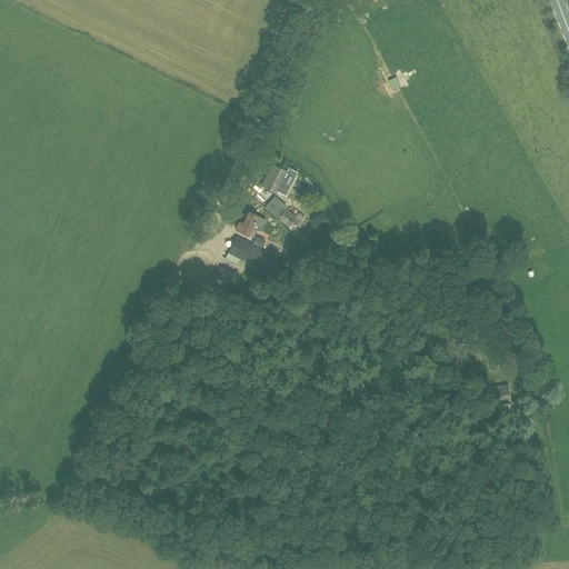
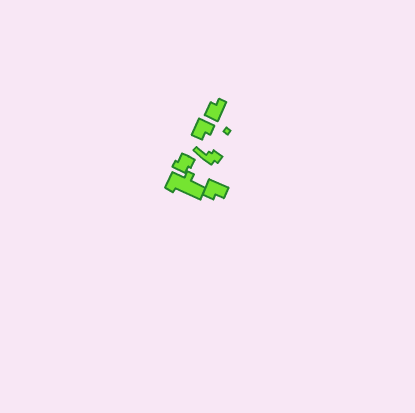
building: none -> [205,99,226,121]
building: none -> [203,179,228,200]

